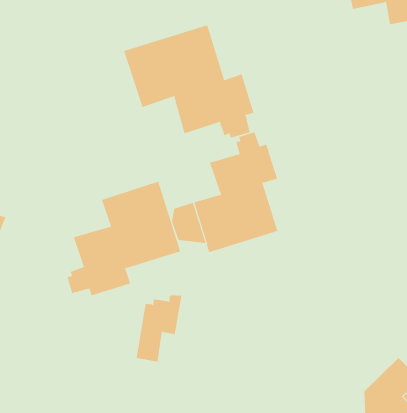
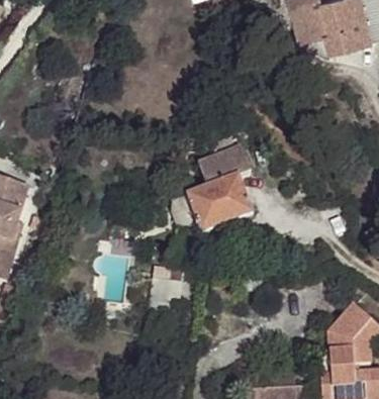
building: [124,25,254,138] -> none
building: [67,181,181,296] -> none

